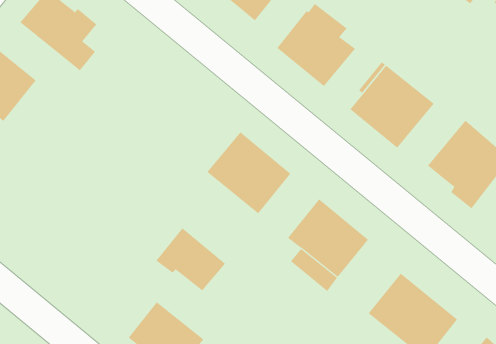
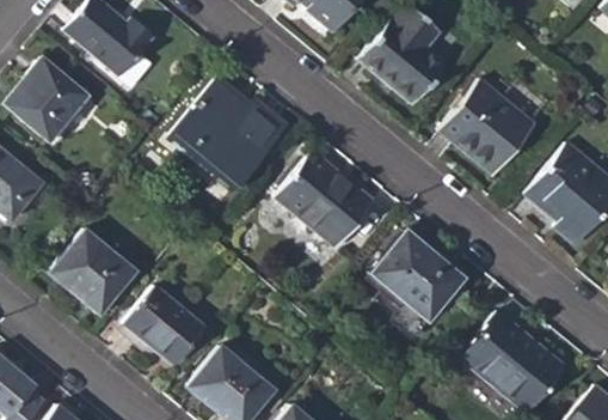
building: none -> [171,84,283,190]
building: none -> [56,232,137,316]
building: [156,228,226,291] -> [129,290,208,361]

